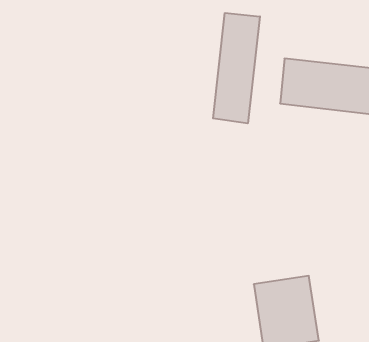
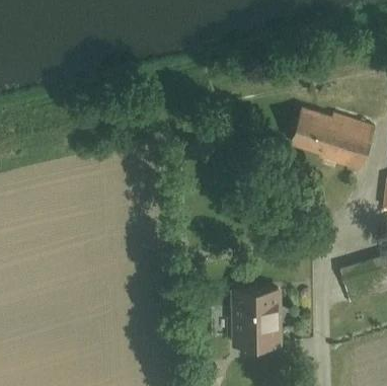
building: [213,13,260,123] -> none

